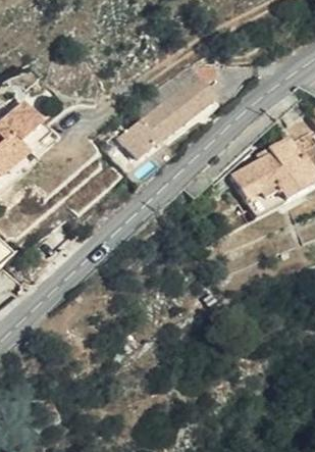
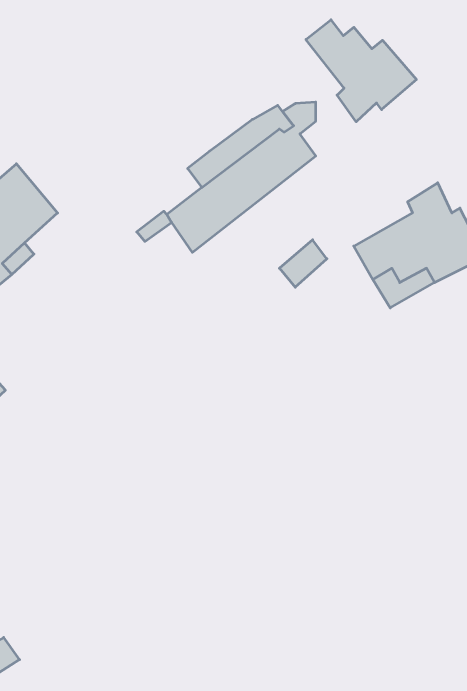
building: none -> [306,20,416,122]

